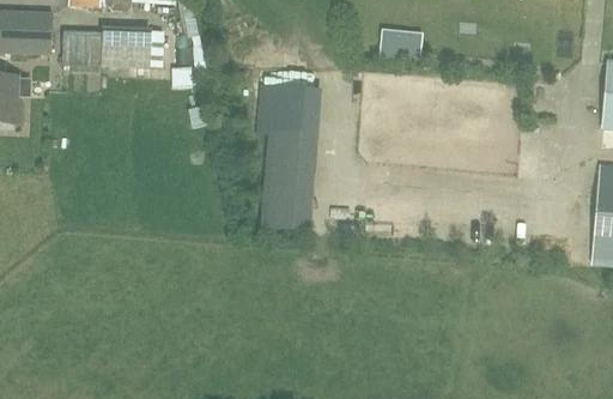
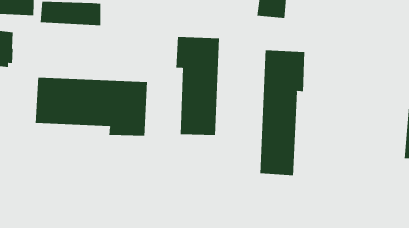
building: none -> [260,50,305,176]
building: none -> [35,77,147,137]

